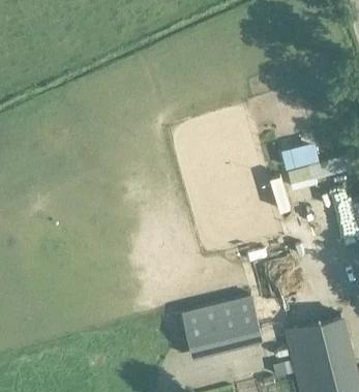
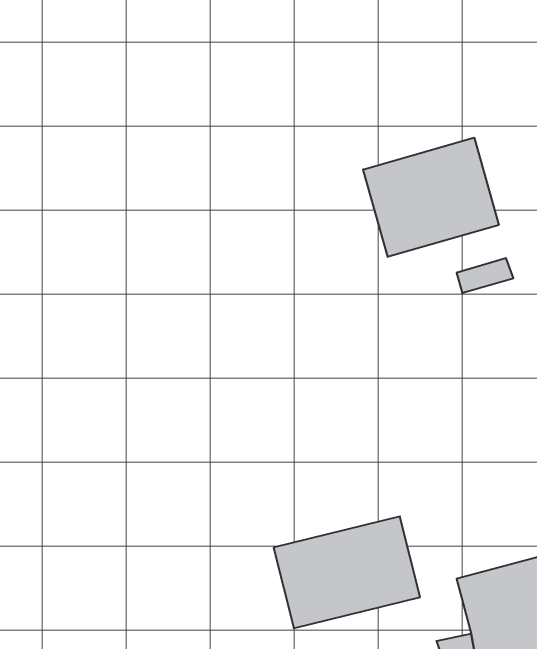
building: none -> [363,138,499,257]

